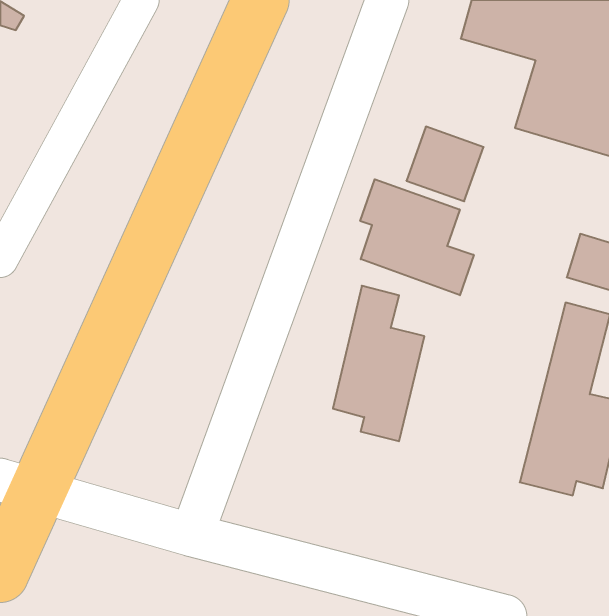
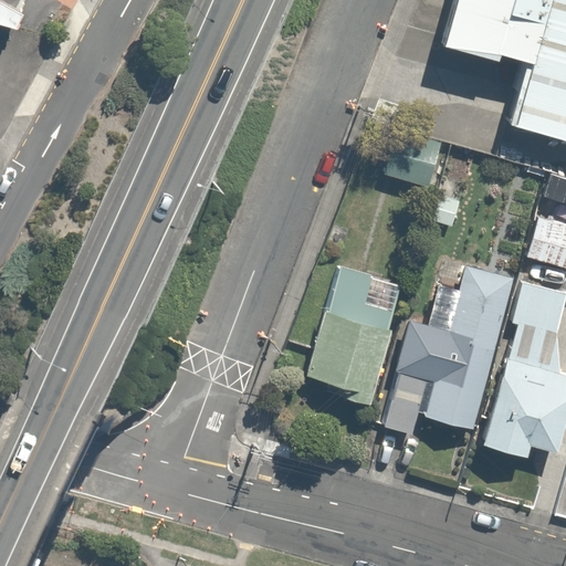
building: [360,179,474,295] -> none
building: none -> [387,271,512,429]

